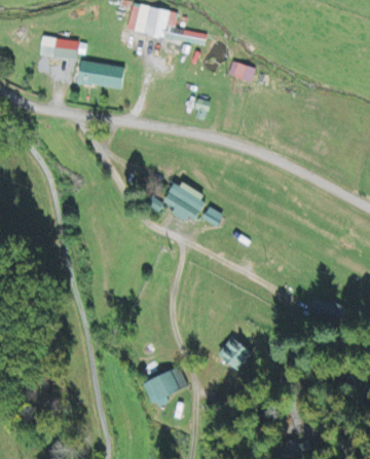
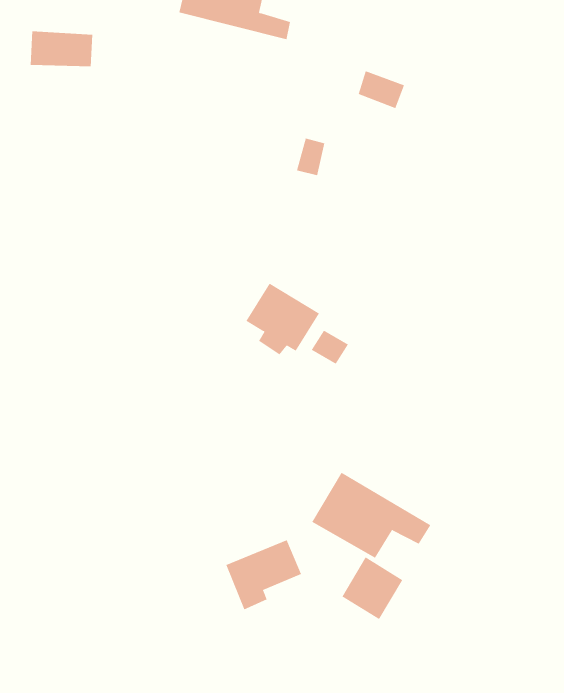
building: [79,61,126,90] -> none
building: none -> [311,472,431,558]
building: [143,368,186,408] -> [226,540,302,610]

